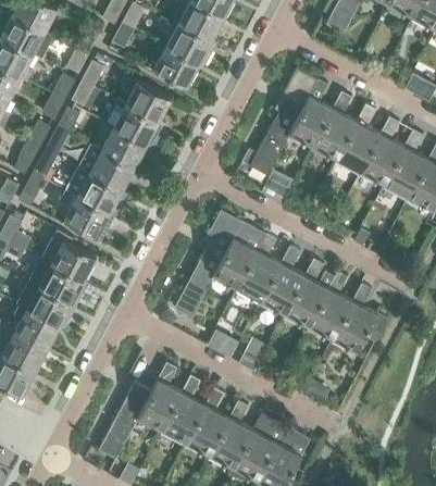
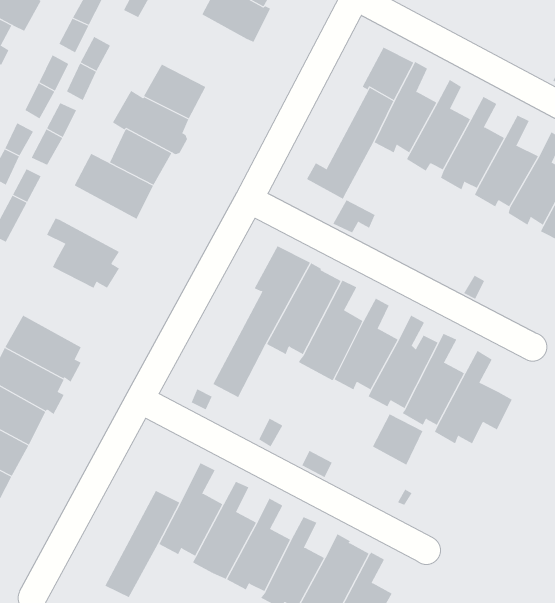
building: [154,46,199,86] -> none
building: [64,165,122,215] -> none
building: [41,229,96,281] -> none
building: none -> [372,413,423,465]

